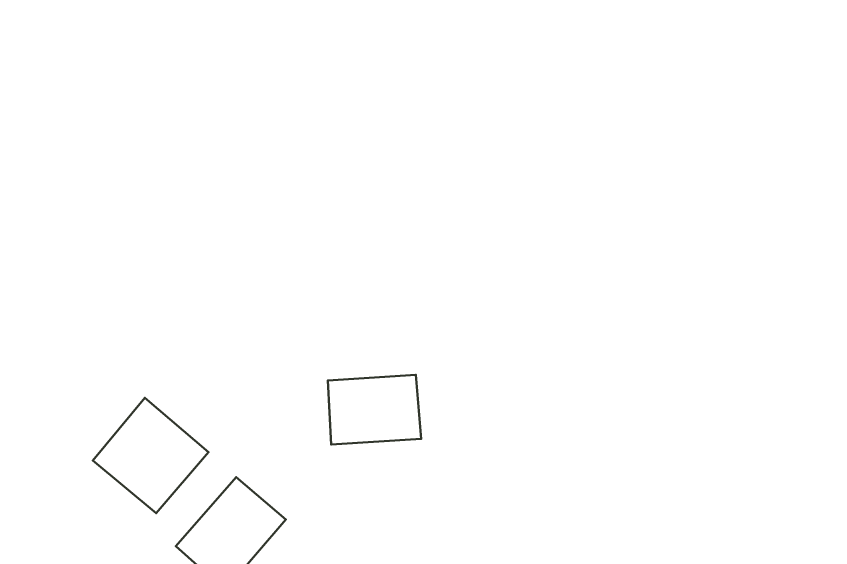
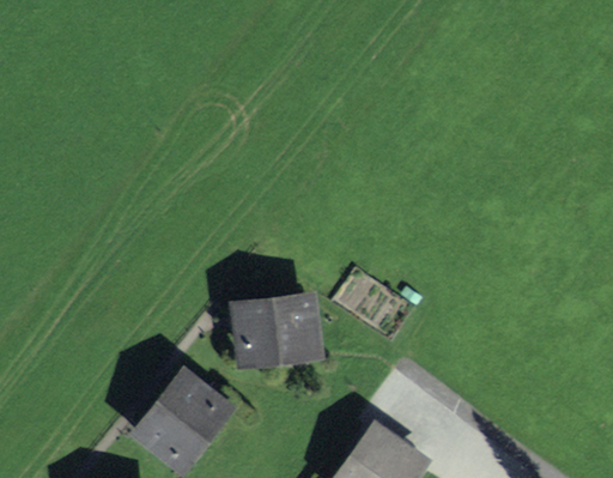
building: [93,398,208,513] -> none

